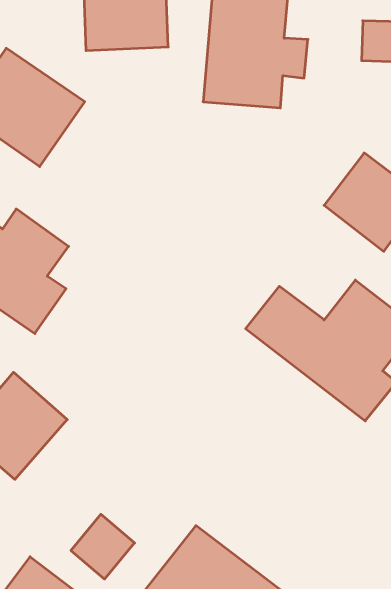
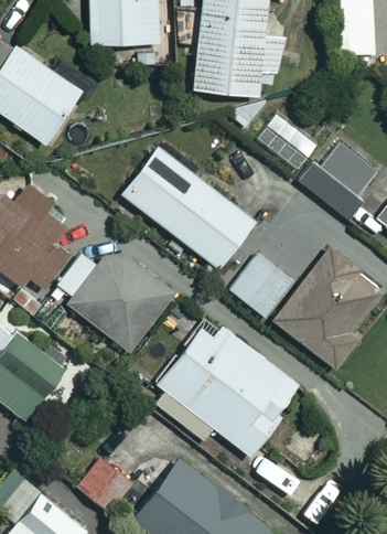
building: none -> [250,111,312,170]
building: none -> [123,147,254,269]
building: none -> [65,249,172,352]
building: none -> [159,319,295,449]

